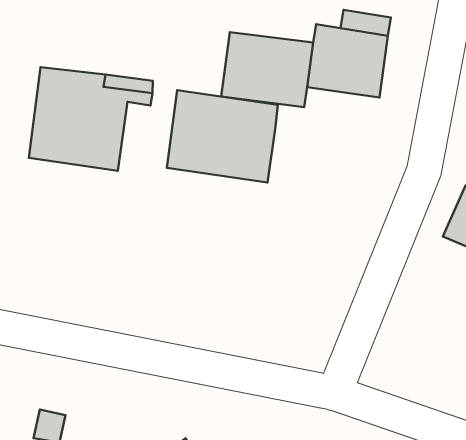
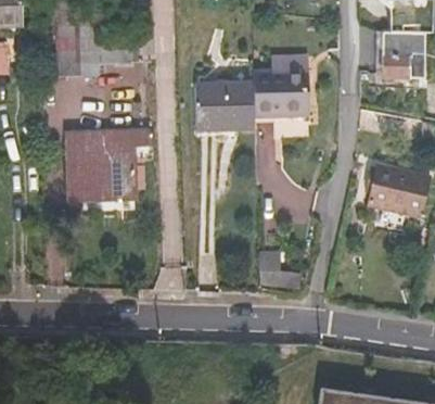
building: [167,90,278,183] -> none
building: none -> [261,250,303,288]

